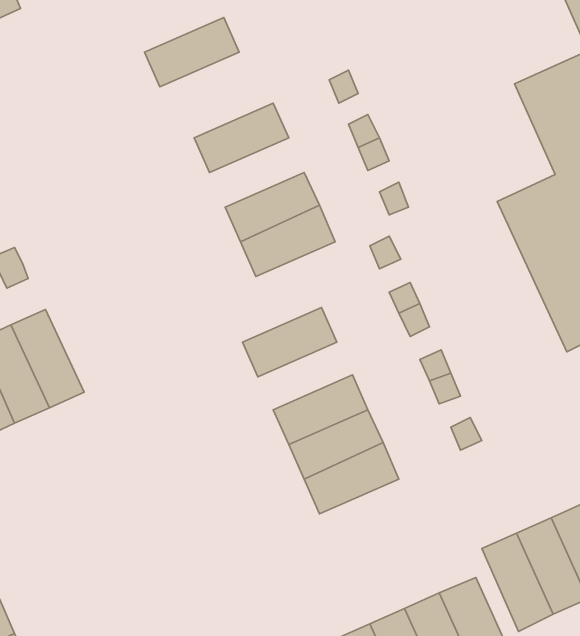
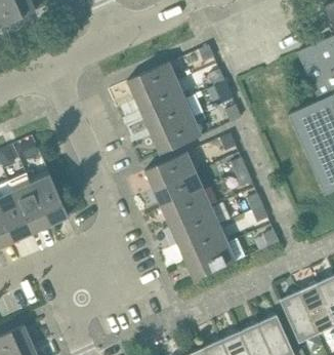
building: [145,18,239,87] -> [135,80,185,117]
building: none -> [144,152,195,189]
building: none -> [161,189,211,225]

